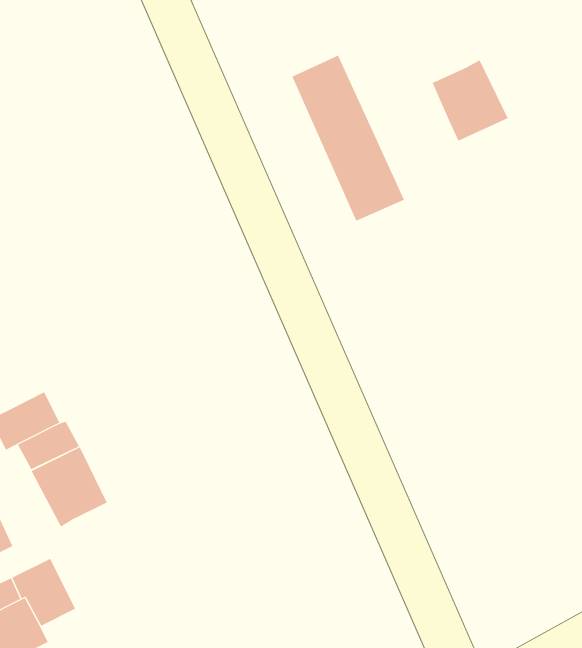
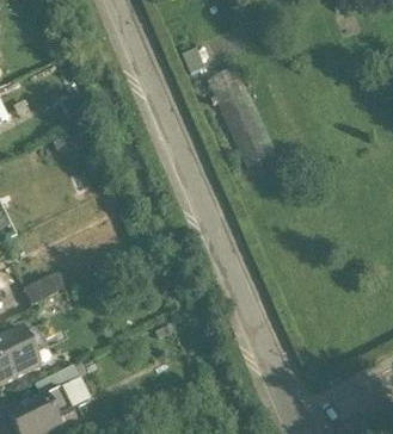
building: [432,59,508,142] -> none
building: [31,446,107,527] -> none

